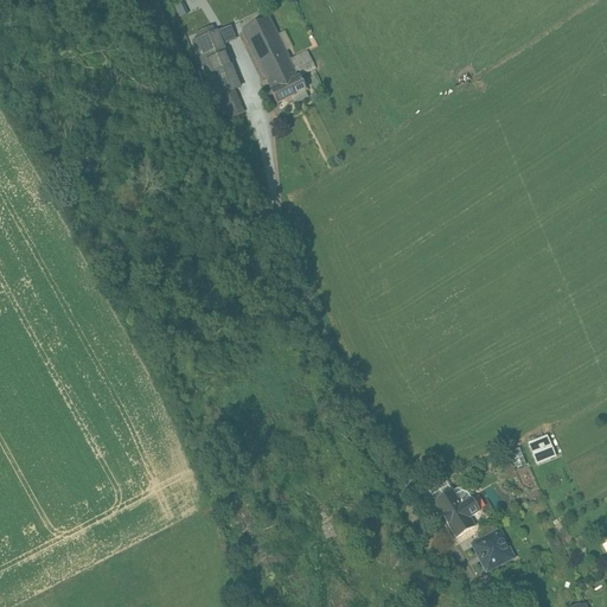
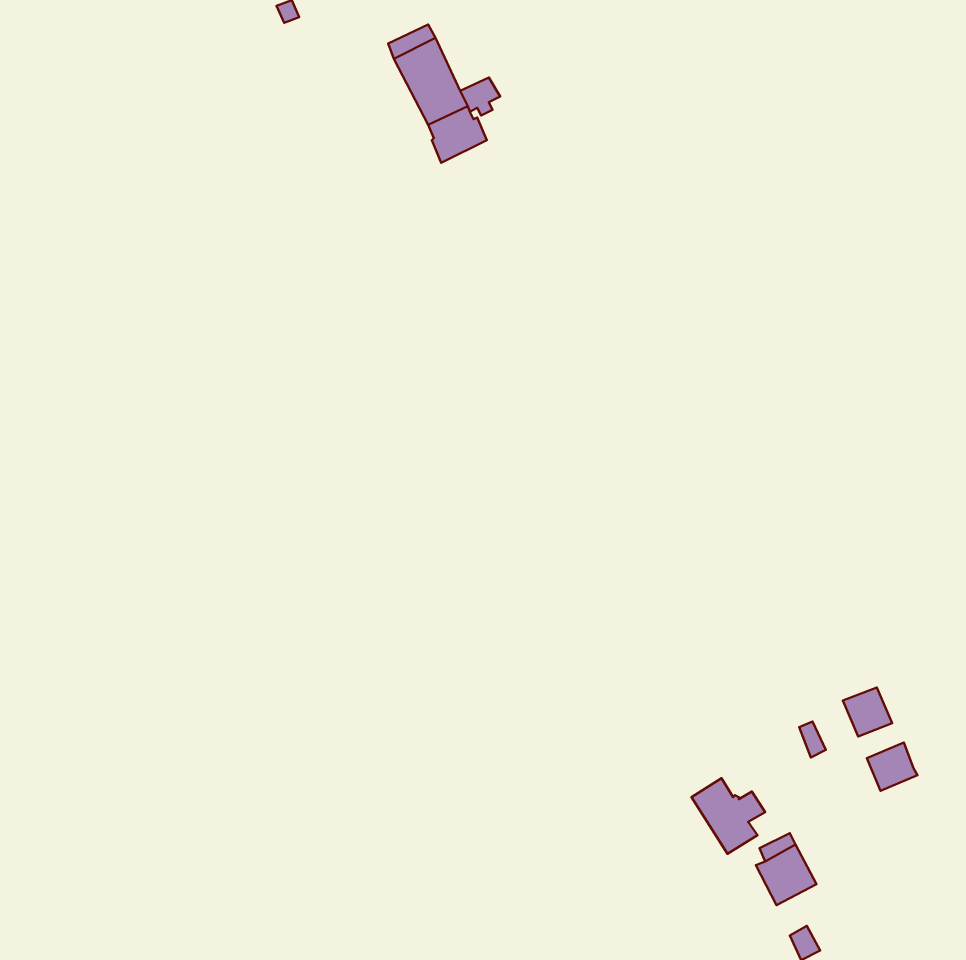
building: [194,30,242,117] -> none
building: none -> [867,743,918,791]

